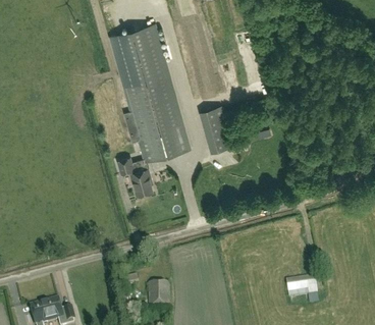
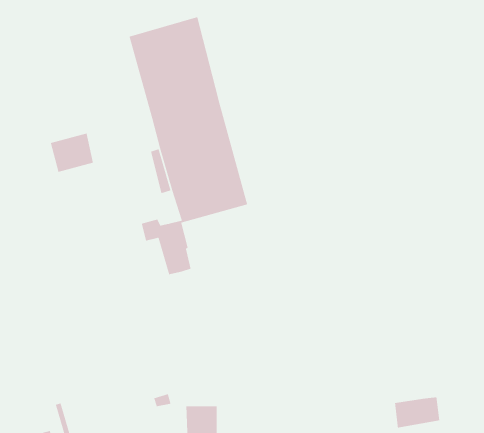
building: none -> [50,132,94,173]
building: [202,107,231,155] -> none

